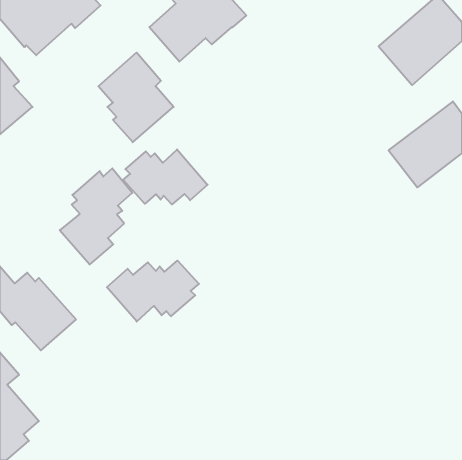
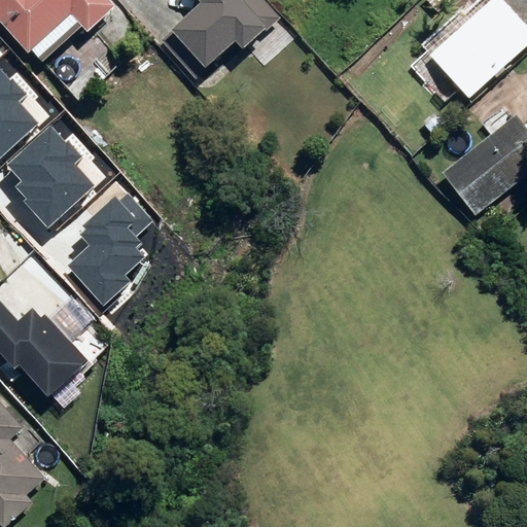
building: [98,53,174,142] -> [7,124,93,225]
building: [123,149,208,204] -> none
building: [107,261,199,322] -> none

